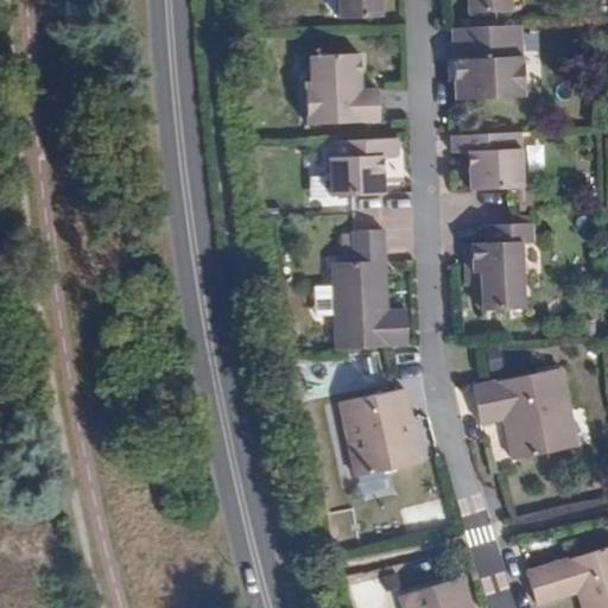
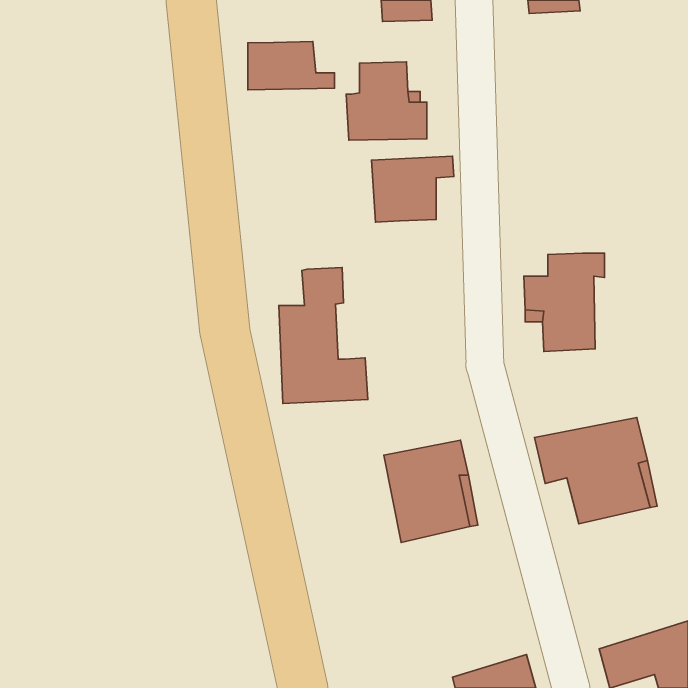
building: [451,25,524,100] -> none
building: none -> [248,41,335,90]
building: [451,132,522,190] -> none
building: [329,229,407,349] -> [279,268,368,404]

